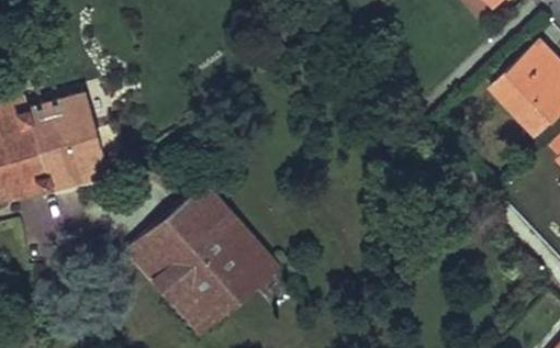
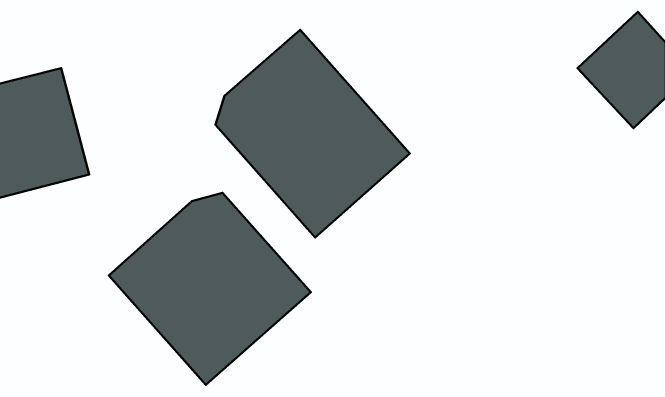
building: none -> [216,30,410,238]

